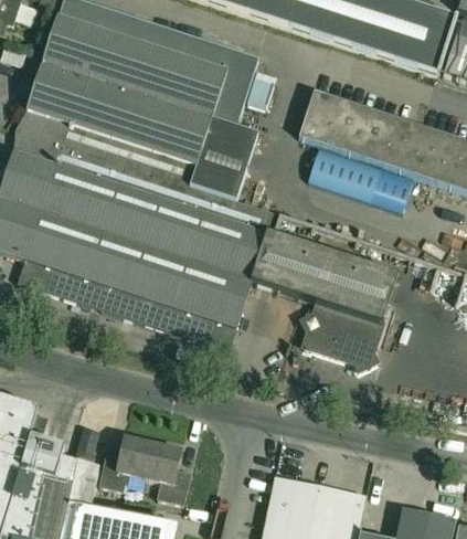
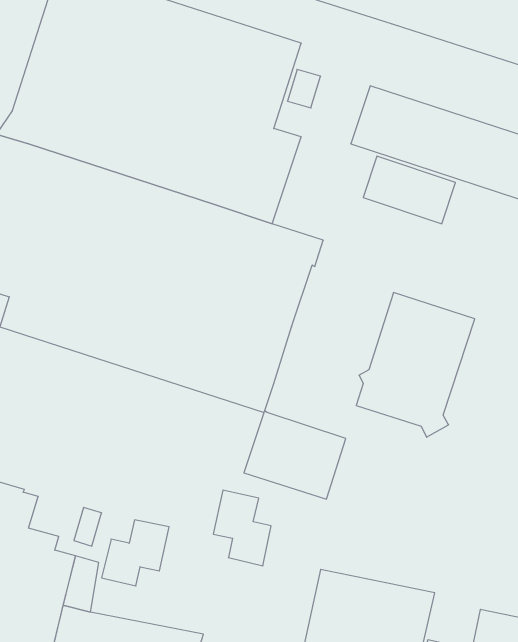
building: [251,233,332,304] -> [244,411,346,499]
building: [145,443,191,504] -> [213,490,271,566]

